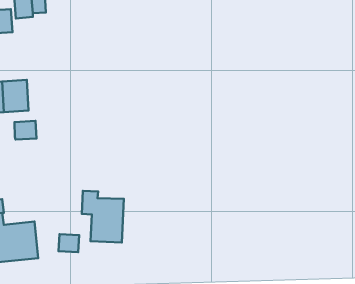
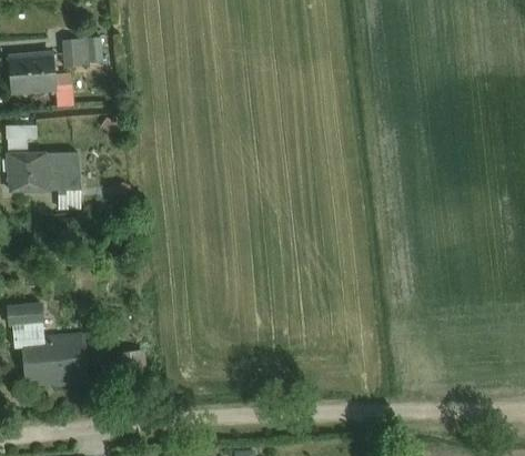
building: [14,121,36,139] -> none
building: [82,191,124,242] -> none

